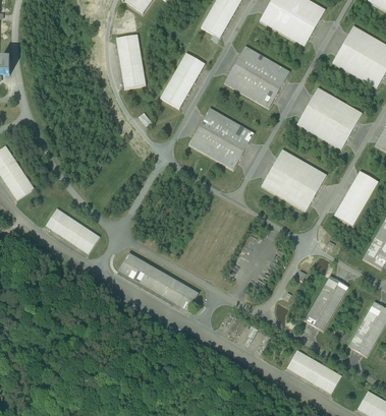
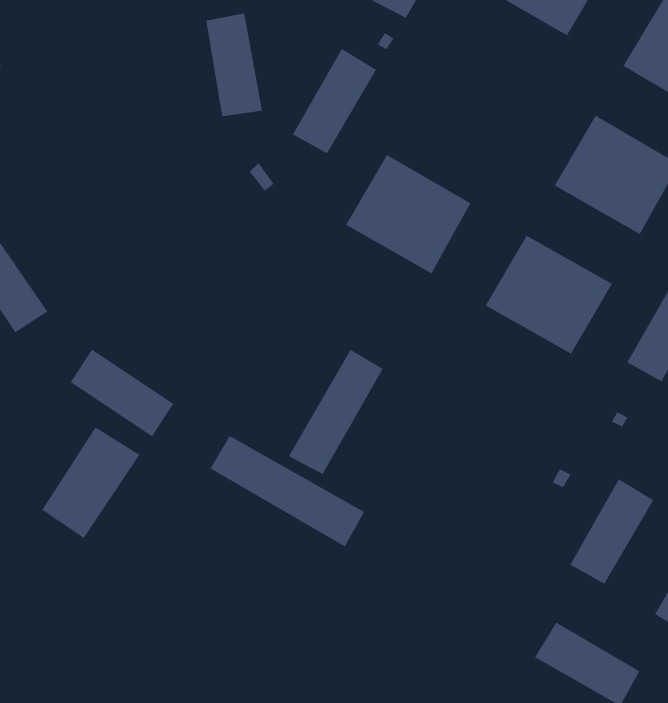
building: [224,45,289,107] -> none
building: none -> [288,349,383,475]
building: none -> [41,426,140,539]

